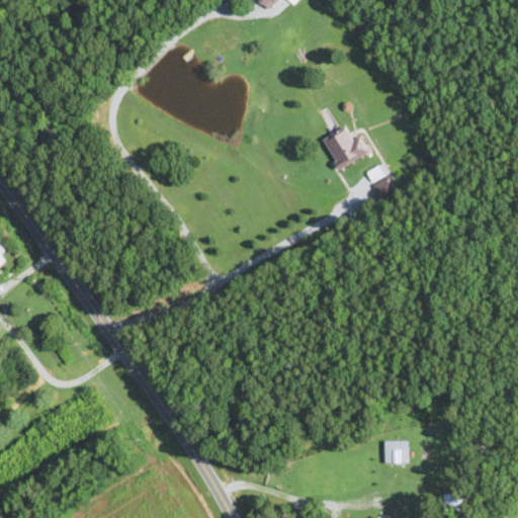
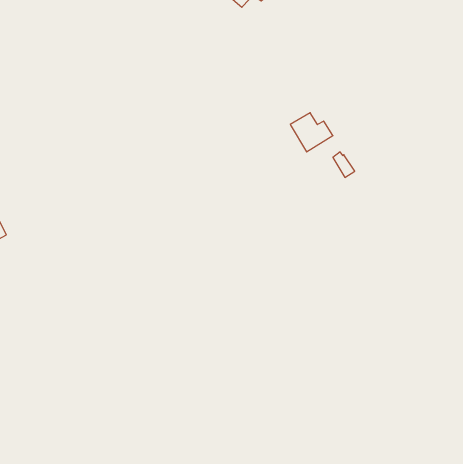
building: [384,439,408,461] -> none

